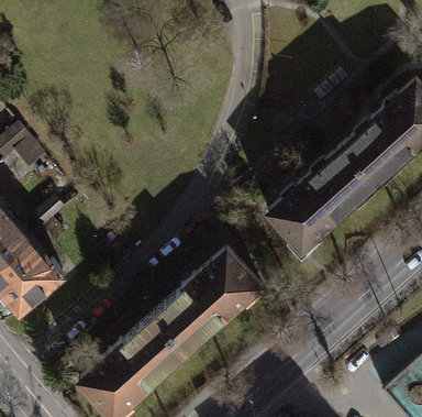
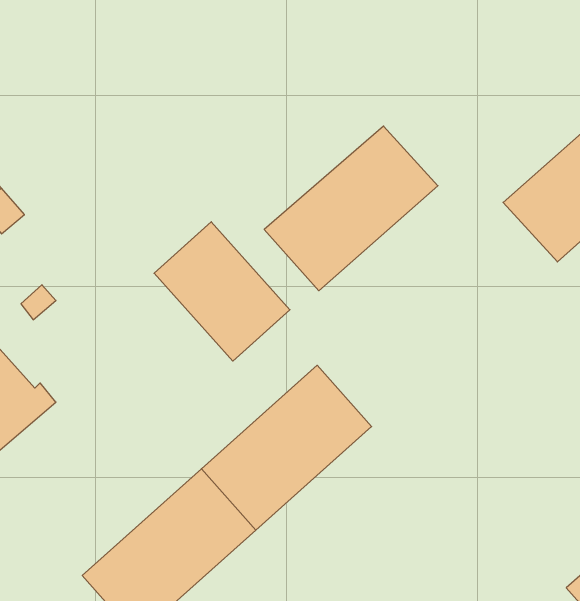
building: [266,151,375,254] -> [264,126,438,291]
building: none -> [154,222,290,361]

